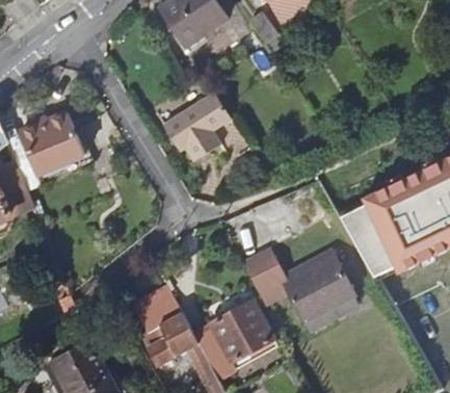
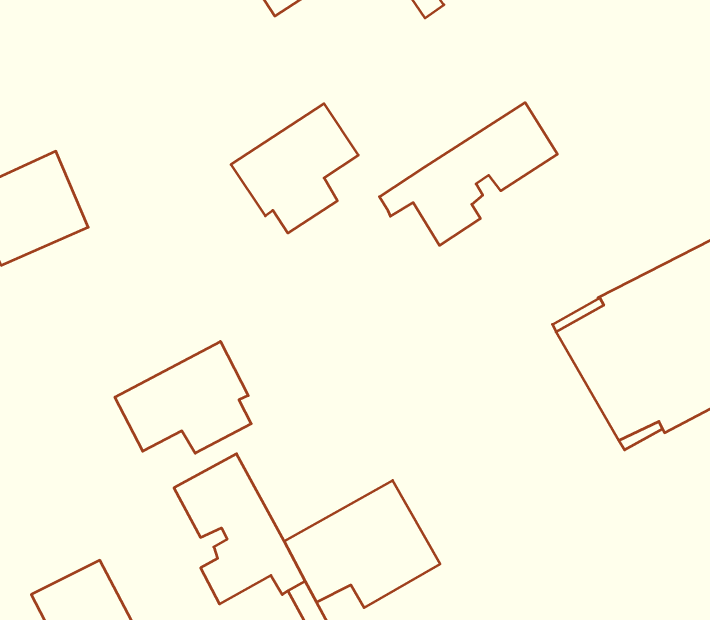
building: none -> [379,103,557,245]
building: none -> [115,341,251,453]
building: [239,246,352,321] -> none

